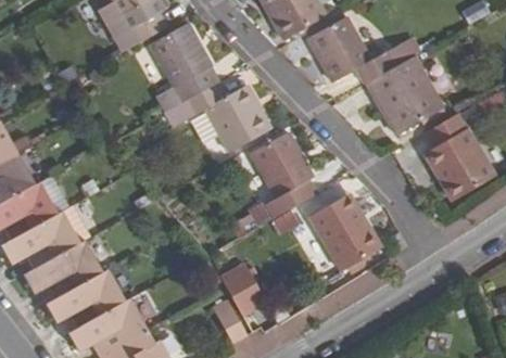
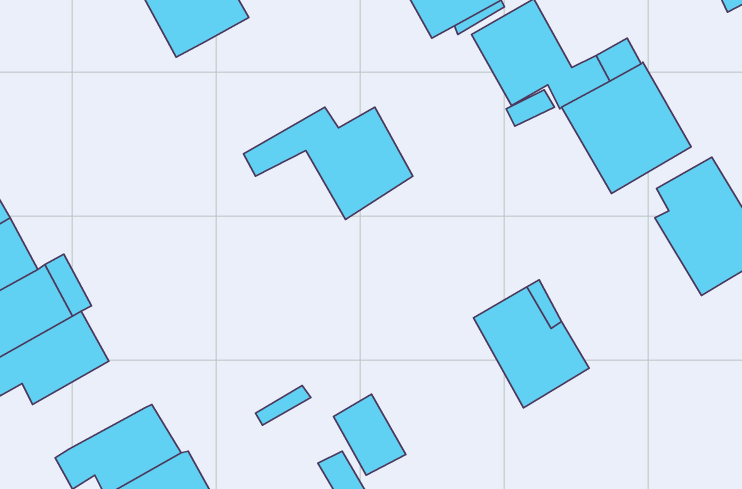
building: [150,22,219,112] -> none
building: [250,130,316,217] -> none
building: [23,240,102,297] -> none

